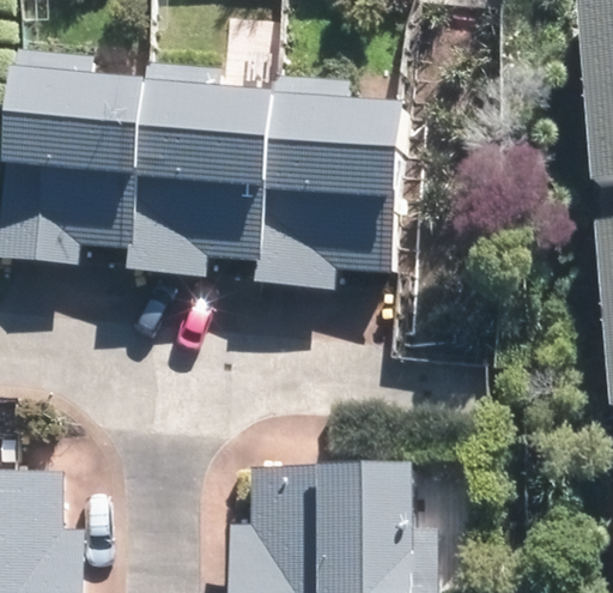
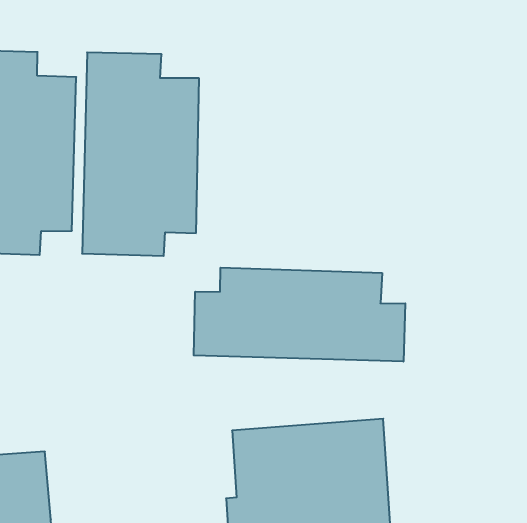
building: [253,78,388,291] -> none
building: none -> [194,268,405,362]

